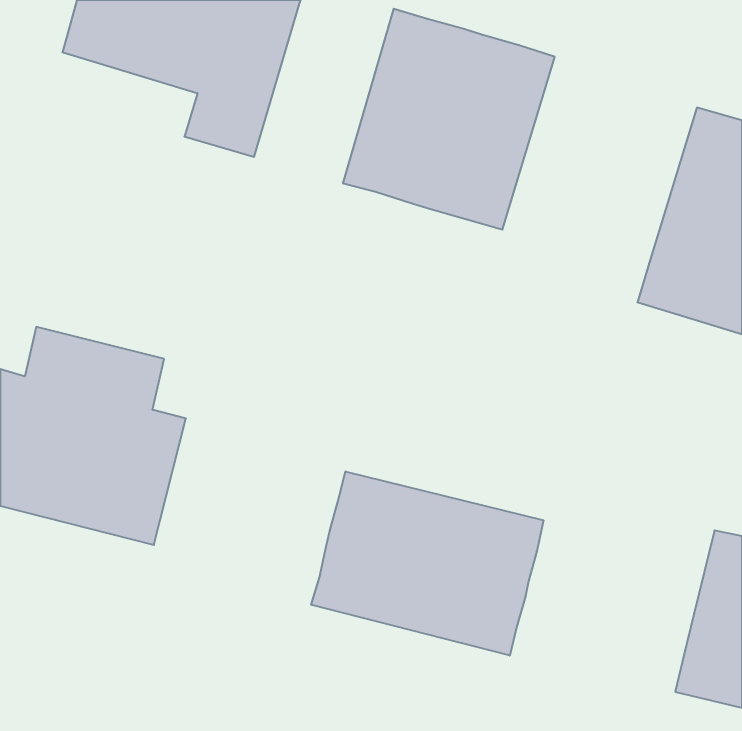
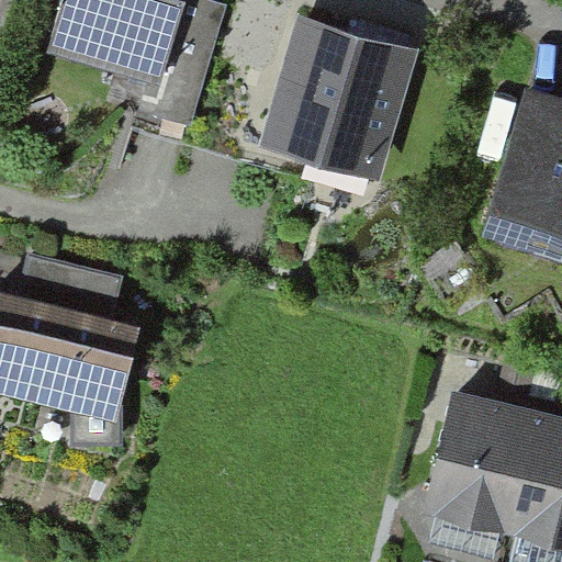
building: [311,471,543,656] -> none
building: none -> [423,387,540,531]

